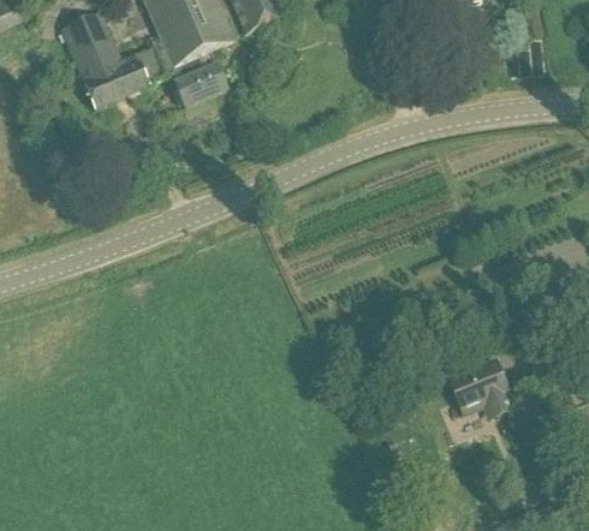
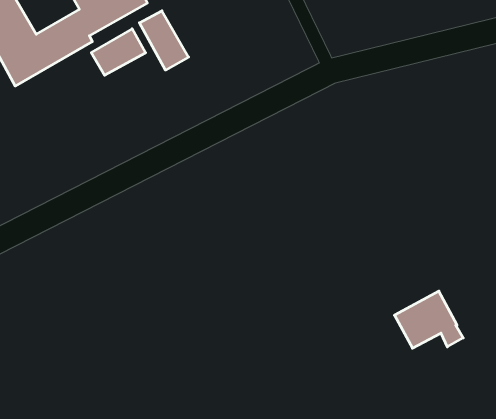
building: none -> [139,11,189,70]

